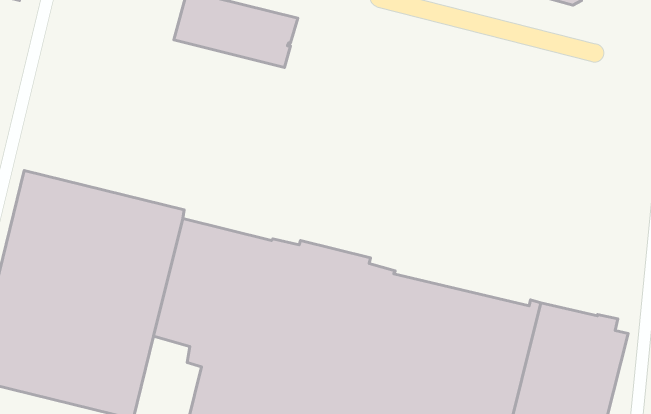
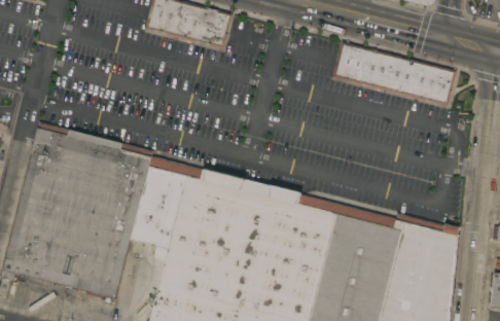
building: none -> [332,42,455,106]

